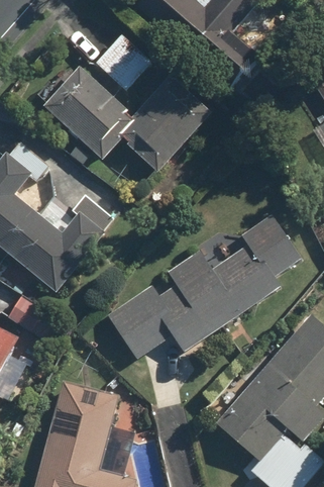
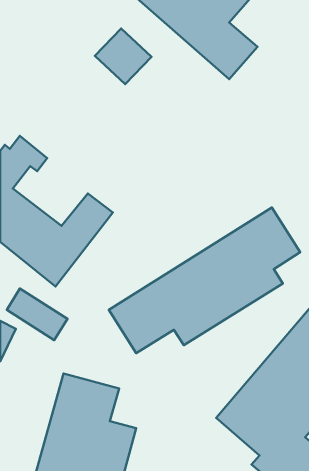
building: [42,66,212,173] -> none

